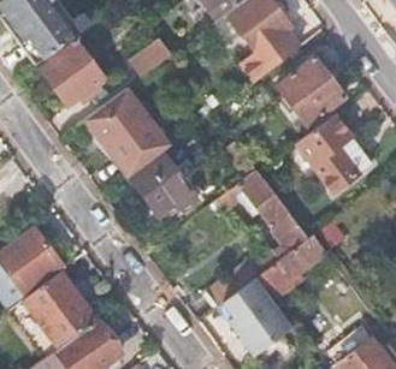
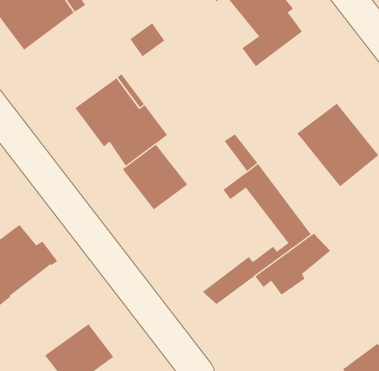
building: [41,42,105,106] -> none
building: [276,56,344,126] -> none
building: [24,268,101,346] -> none
building: [221,278,292,357] -> none

